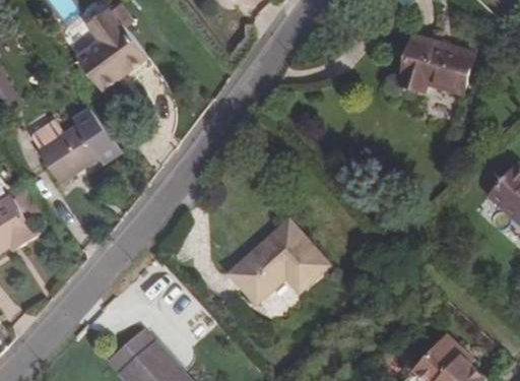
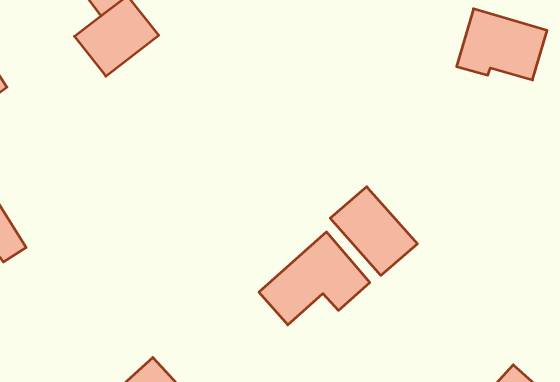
building: [32,116,117,184] -> none
building: none -> [330,187,417,275]

